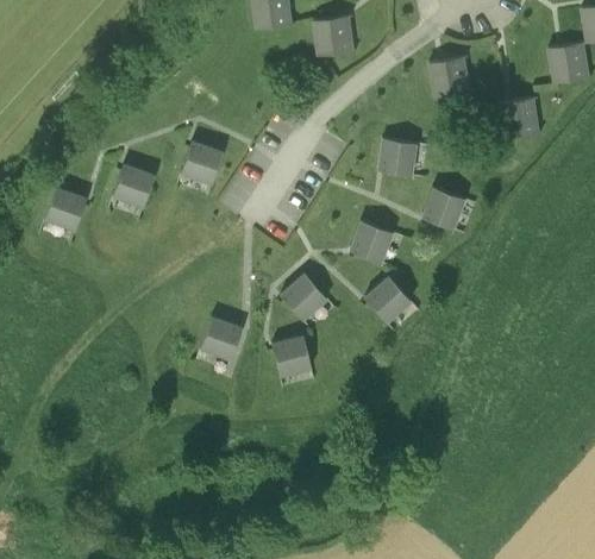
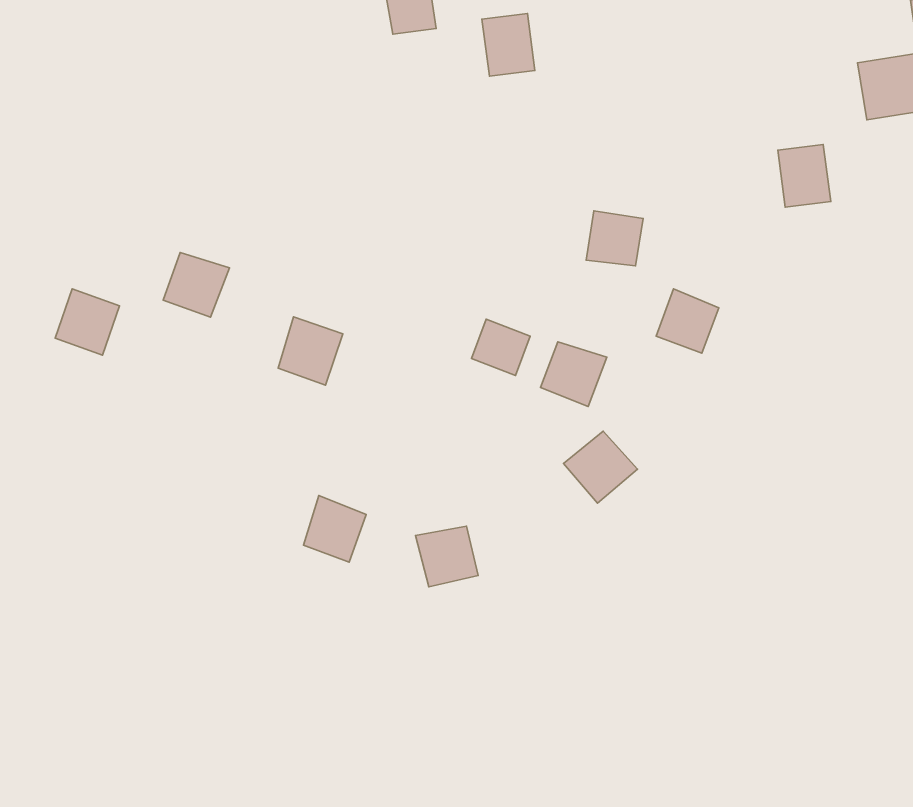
building: [431,57,464,98] -> none
building: [182,140,223,183] -> [278,317,343,385]
building: none -> [472,319,530,376]
building: [281,274,327,319] -> none

